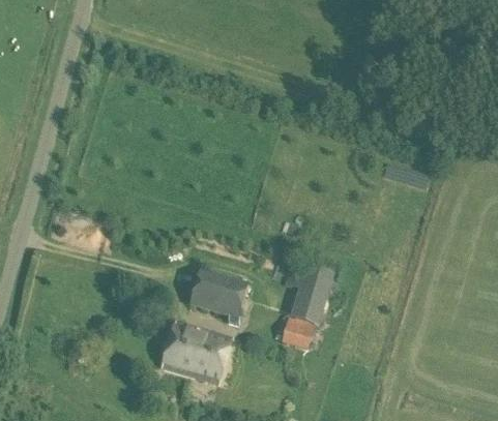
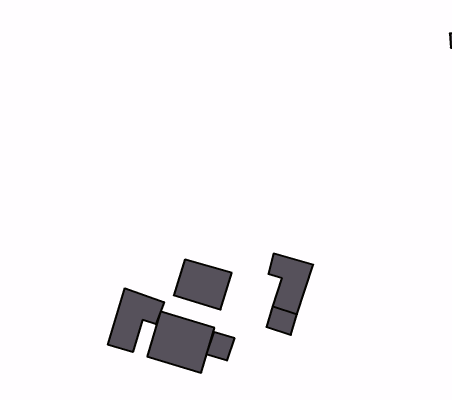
building: none -> [108,288,164,352]
building: none -> [207,332,234,361]

